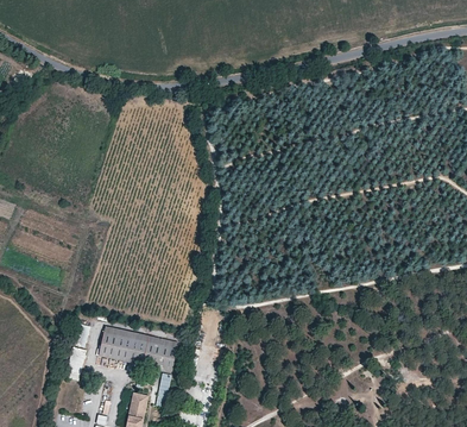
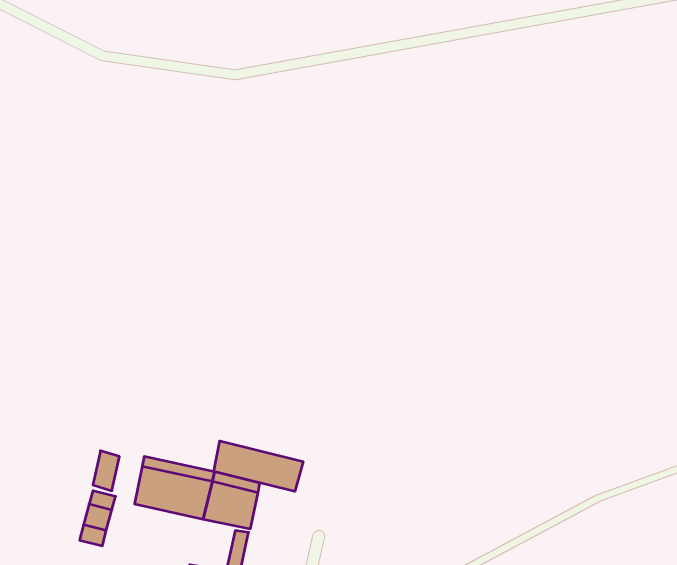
building: none -> [214,441,303,491]

